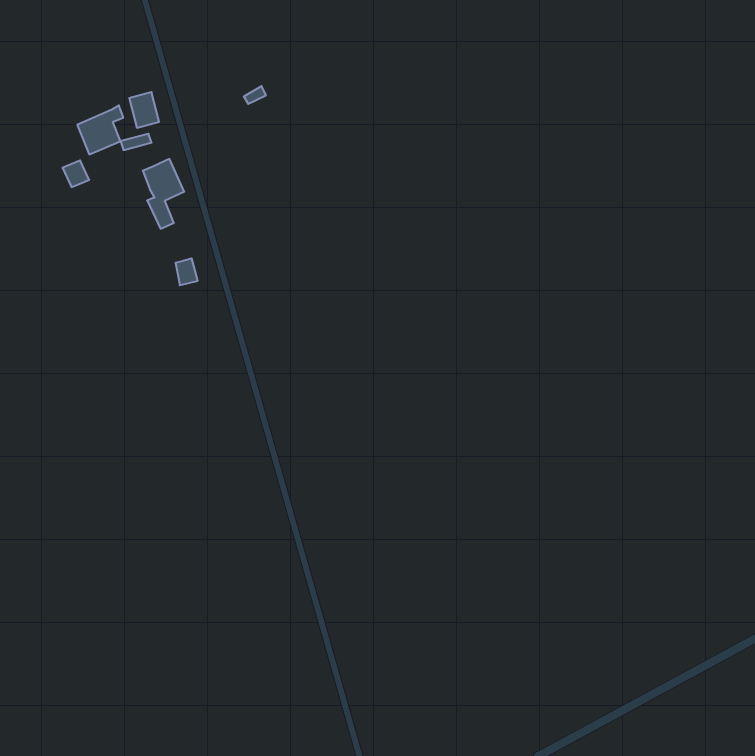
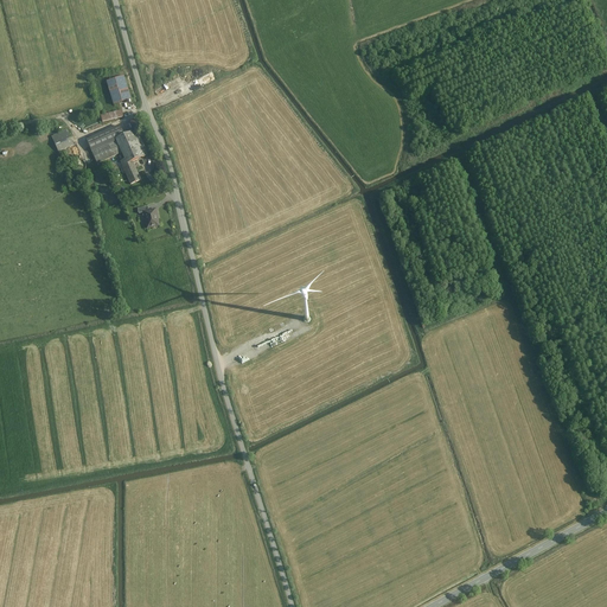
building: [77,105,123,154] -> [85,123,122,162]

